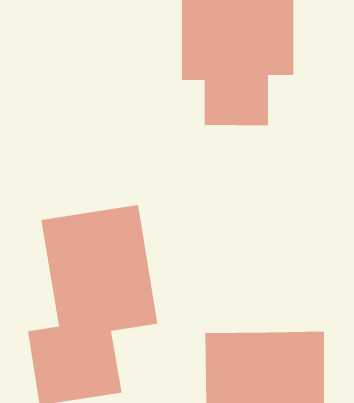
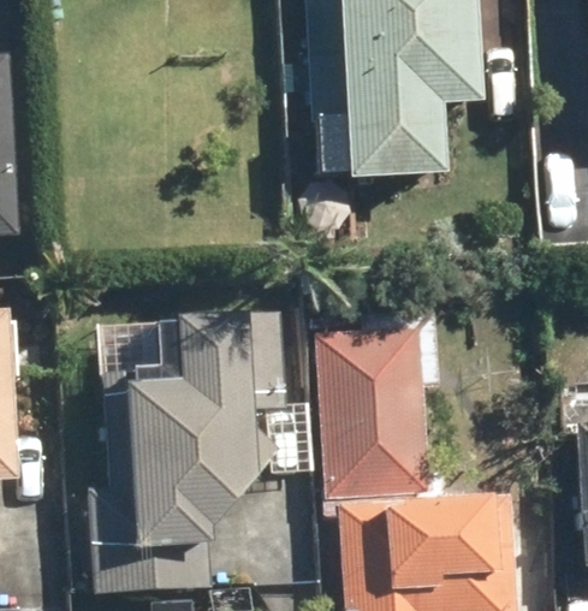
building: none -> [322,326,430,502]

